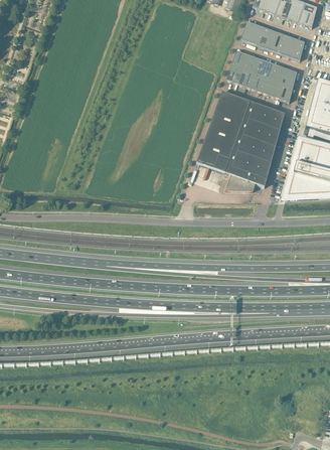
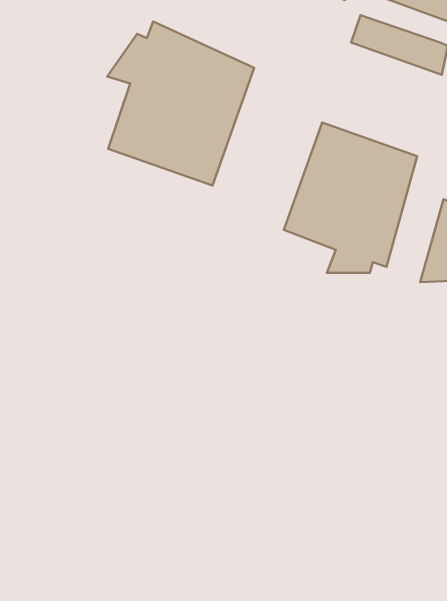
building: none -> [107,21,254,186]
building: [226,49,298,101] -> none

